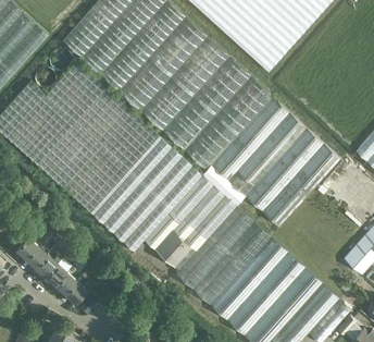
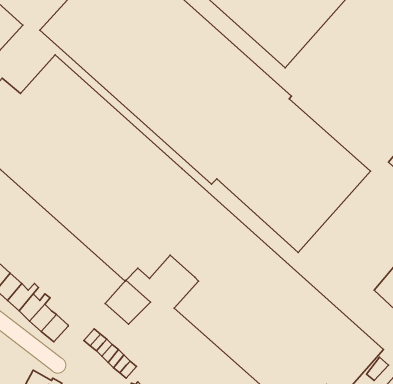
building: [154,230,192,267] -> [105,280,150,324]

